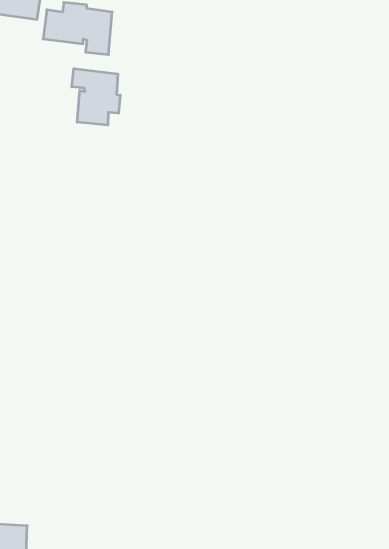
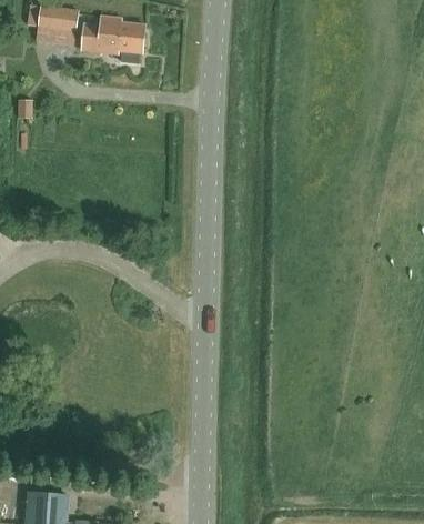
building: [72,69,120,125] -> none

